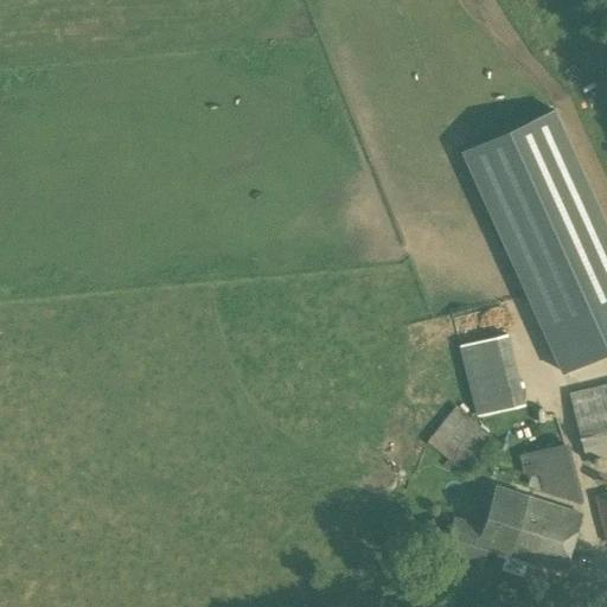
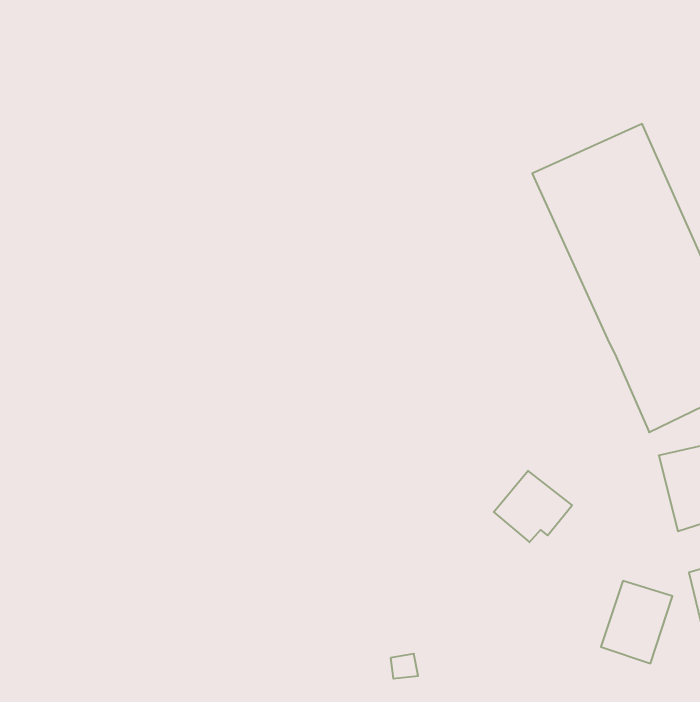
building: [465,333,526,413] -> none
building: [520,441,586,503] -> none
building: [443,486,539,564] -> none

